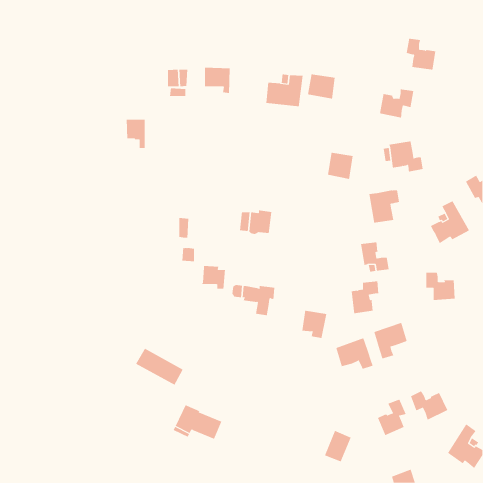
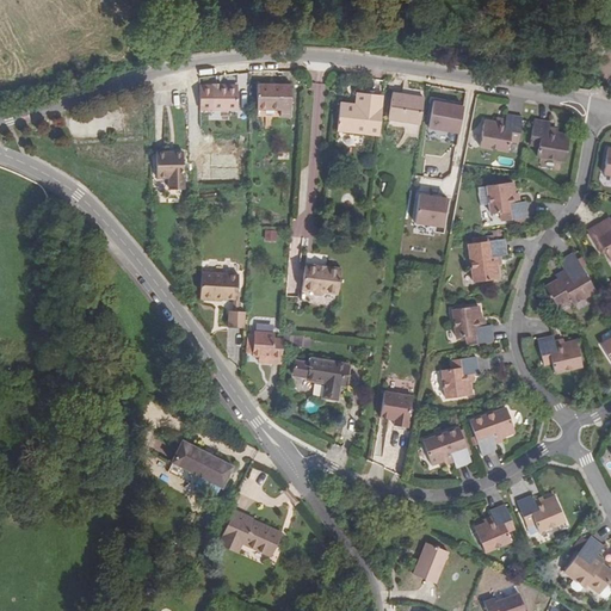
building: [406,38,436,70] -> [531,118,569,159]
building: none -> [426,98,463,132]
building: none -> [199,273,226,303]

